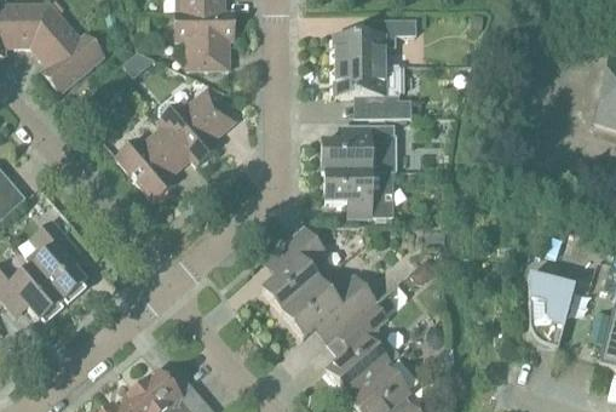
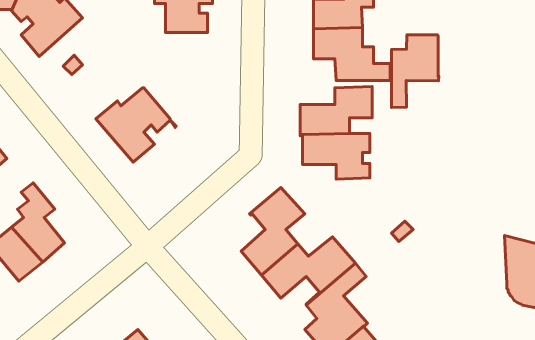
building: none -> [391,35,439,107]
building: [160,88,236,164] -> none

